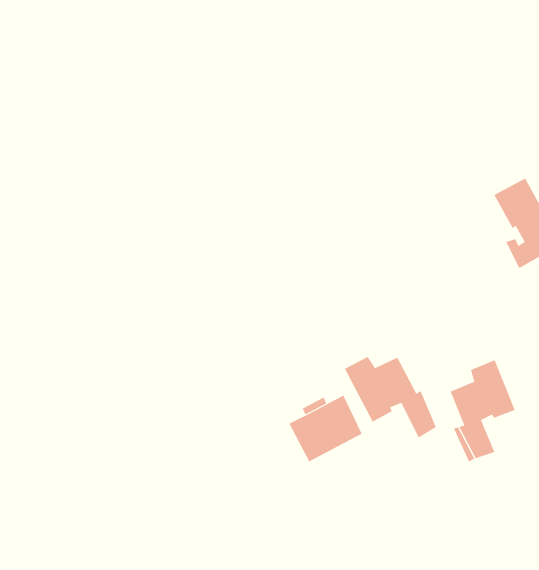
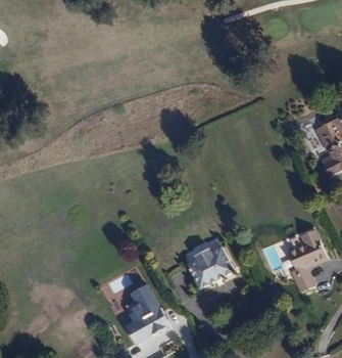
building: [344,356,436,438] -> none
building: none -> [126,284,168,343]

